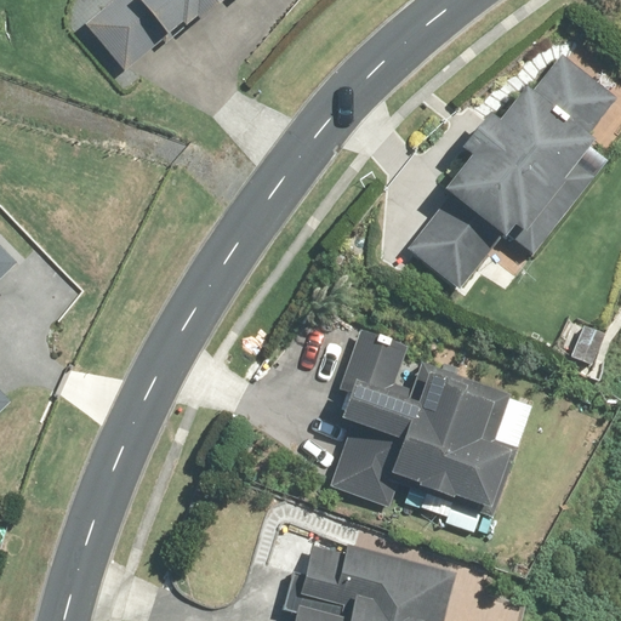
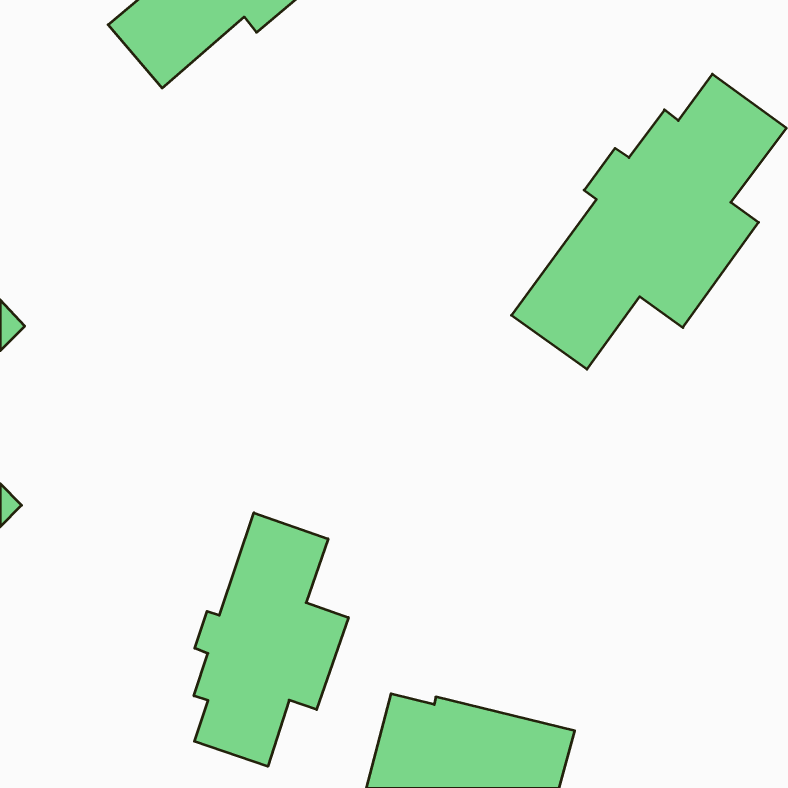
building: [330,324,530,515] -> none
building: none -> [194,513,348,766]

